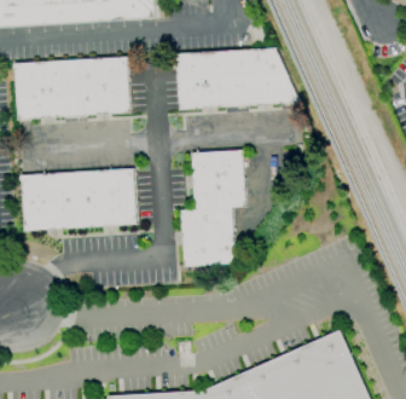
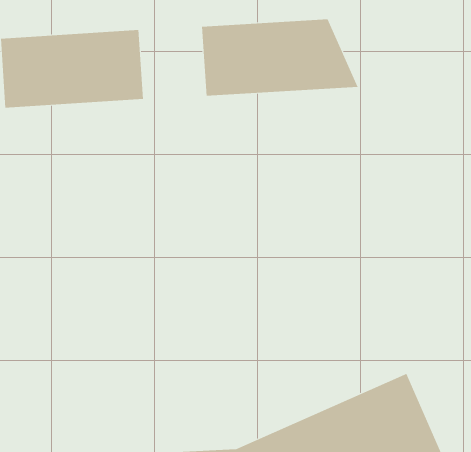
building: [180,151,245,267] -> none
building: [22,169,137,231] -> none

